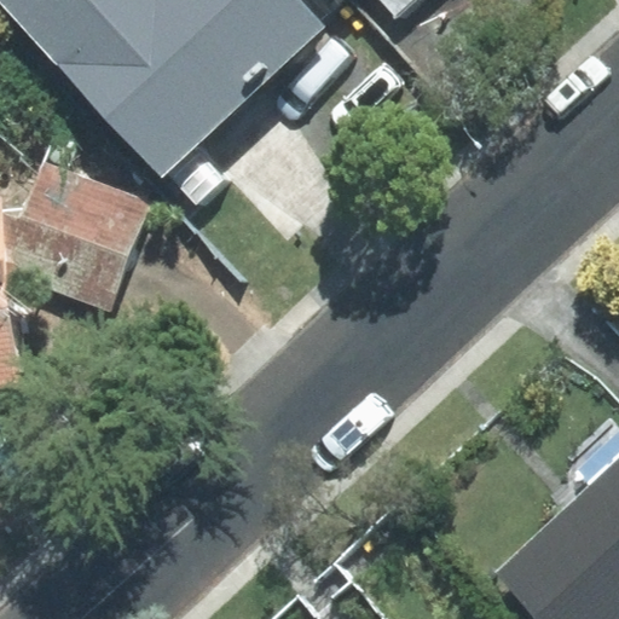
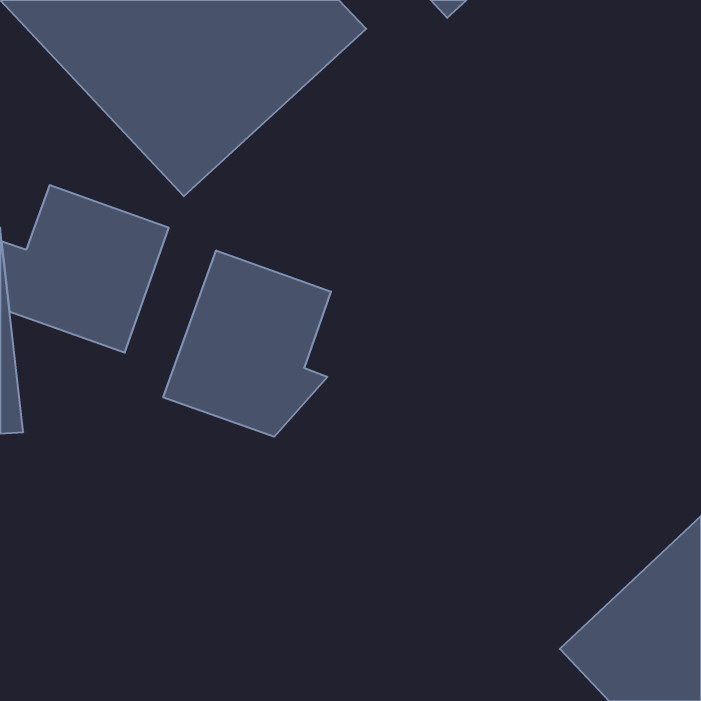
building: none -> [163,250,331,437]

